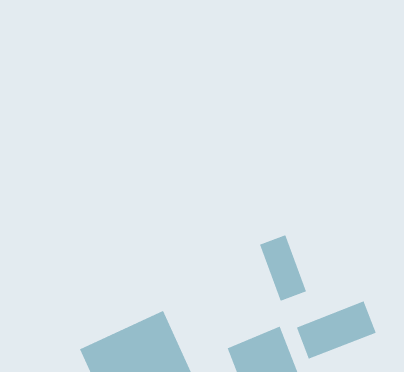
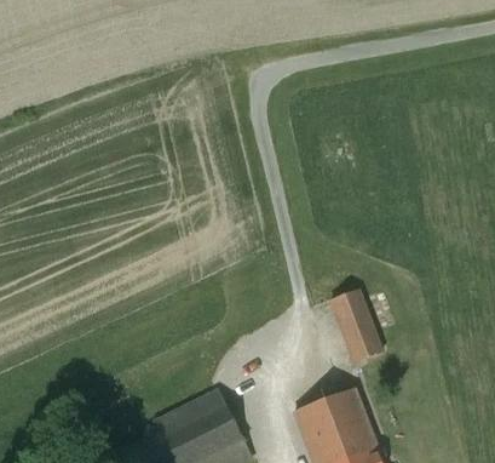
building: [296,301,376,360] -> none

